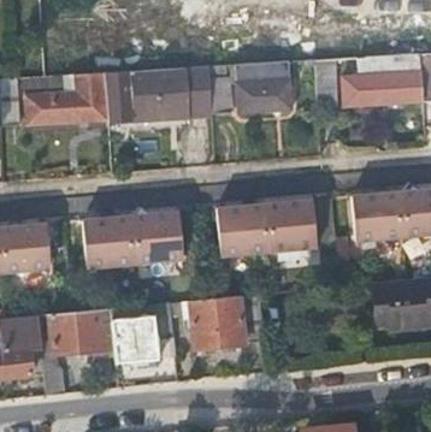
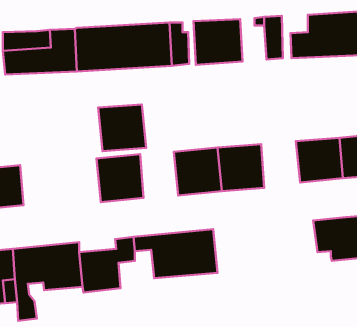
building: [82,217,135,268] -> [98,104,146,151]

